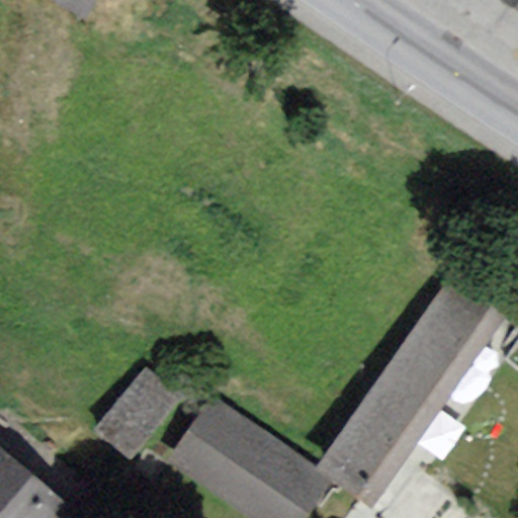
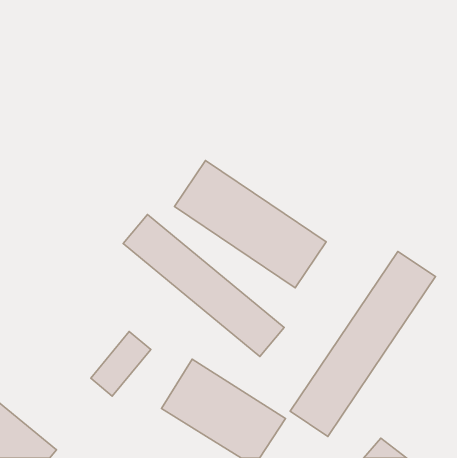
building: none -> [174,160,326,288]
building: none -> [123,215,284,357]

